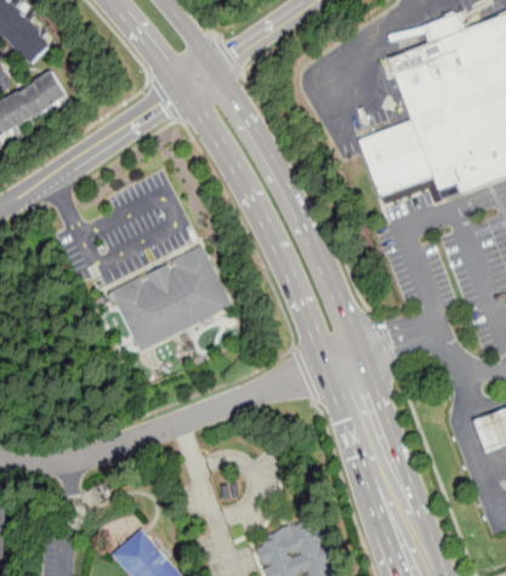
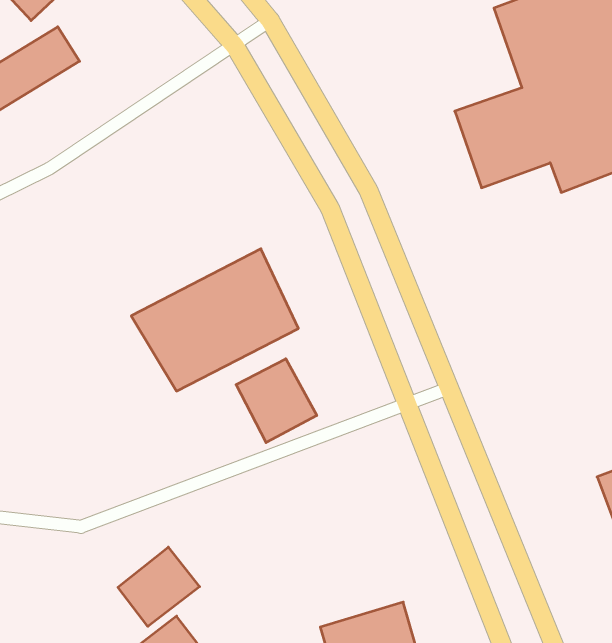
building: none -> [236,359,317,443]
building: none -> [118,547,200,626]

